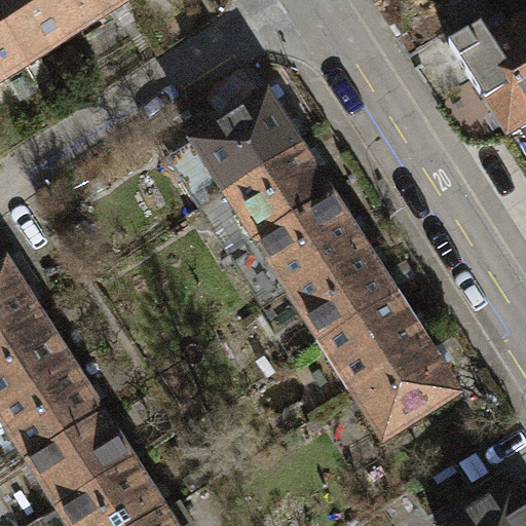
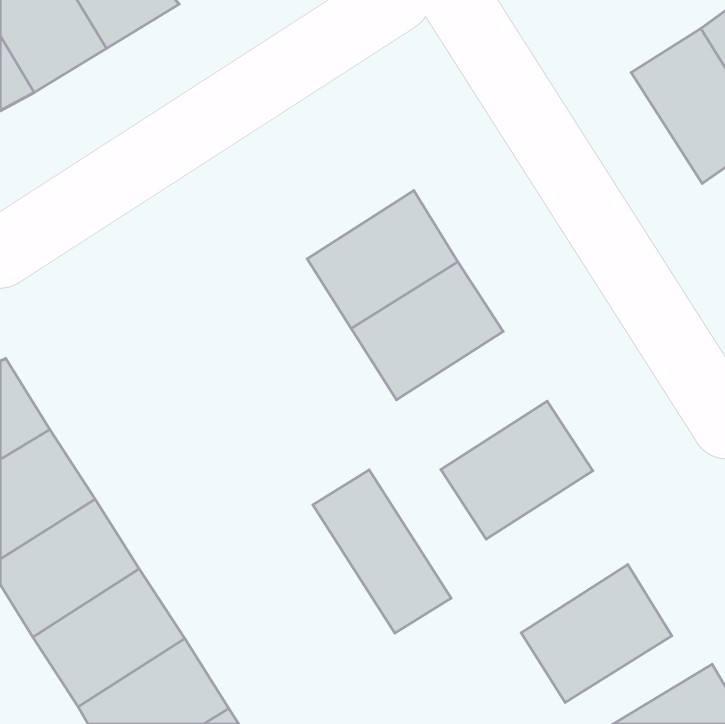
building: [190,87,300,187] -> none
building: [288,239,397,339] -> none
building: none -> [313,470,451,633]
building: [352,340,461,440] -> [521,565,672,703]

